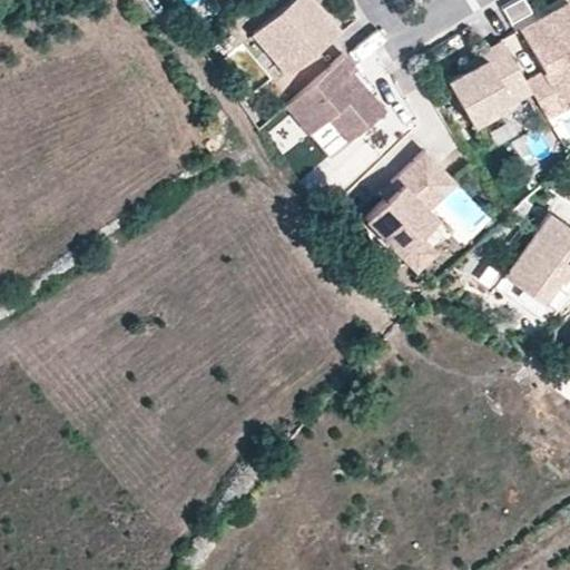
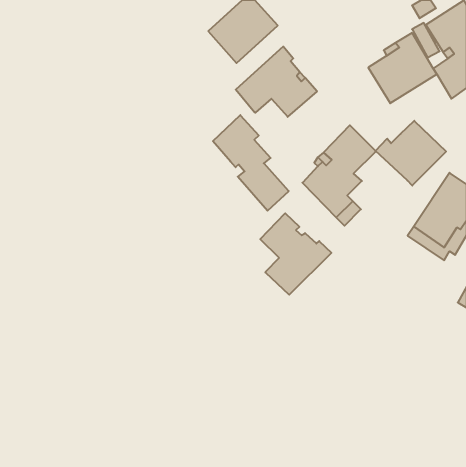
building: none -> [213,115,288,211]
building: none -> [376,121,446,186]
building: none -> [260,213,331,295]

